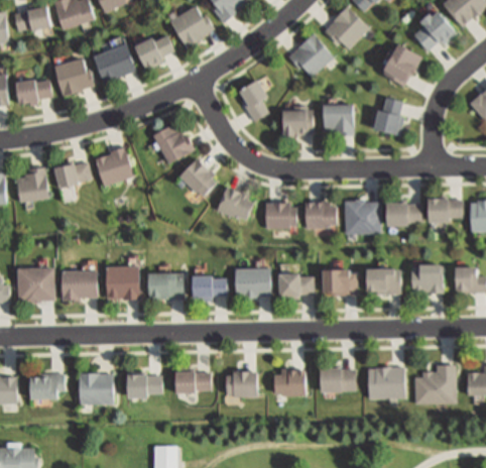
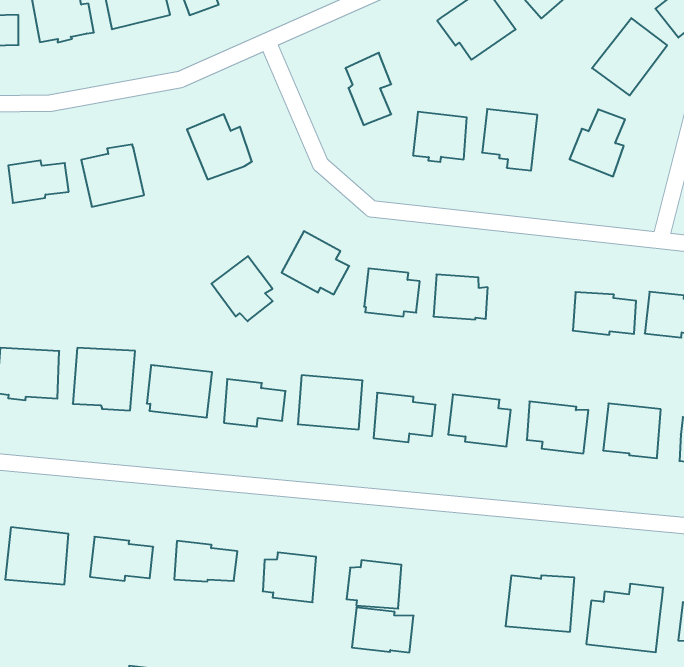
building: [179,157,216,195] -> [211,256,273,321]
building: [345,199,380,234] -> none
building: [321,368,354,391] -> [352,608,414,652]

